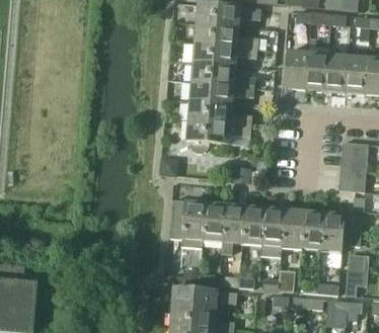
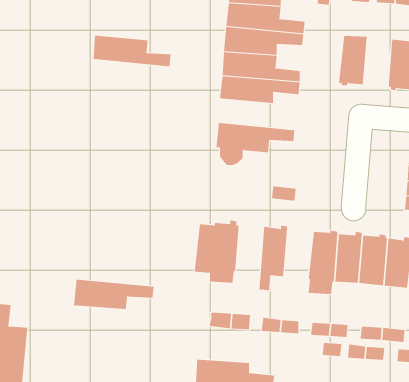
building: [305,51,327,92] -> none
building: [188,100,251,126] -> [93,35,171,67]
building: [203,199,225,241] -> none
building: [241,203,264,245] -> none
building: [171,287,236,312] -> [73,279,154,309]

